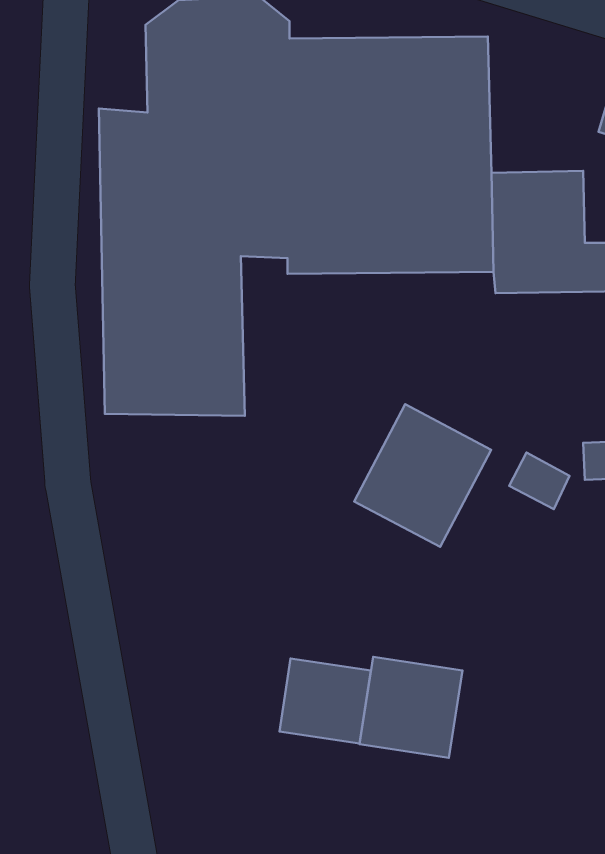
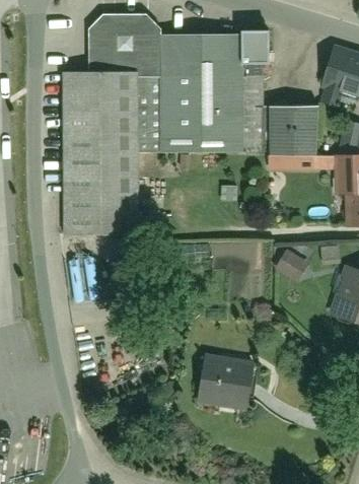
building: [354,404,491,547] -> none
building: [279,659,371,743] -> none

